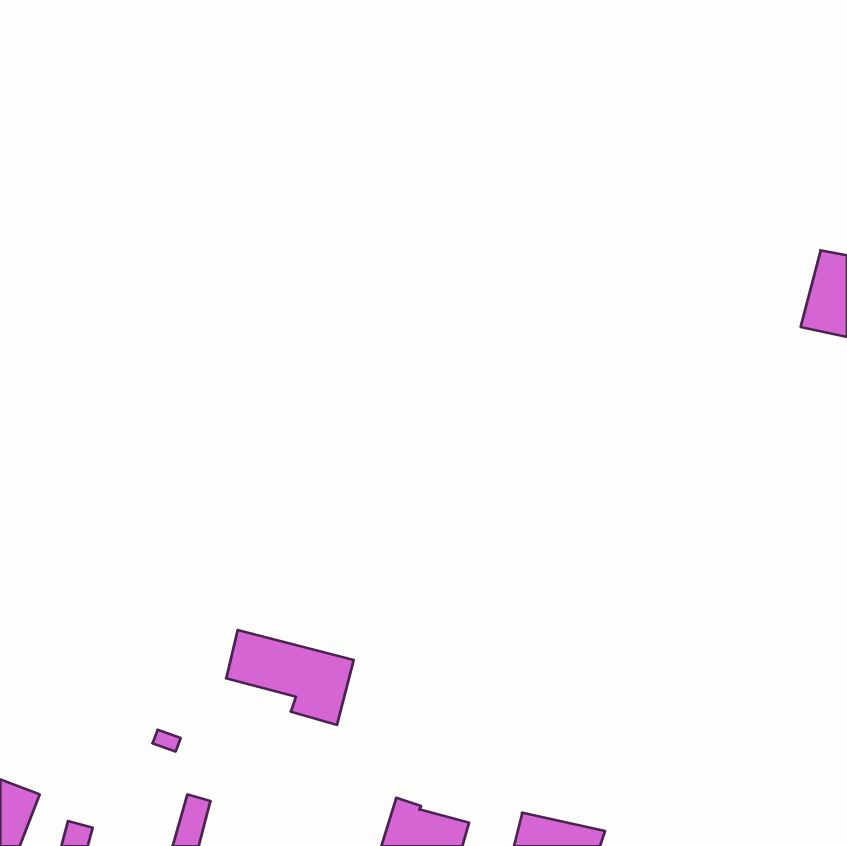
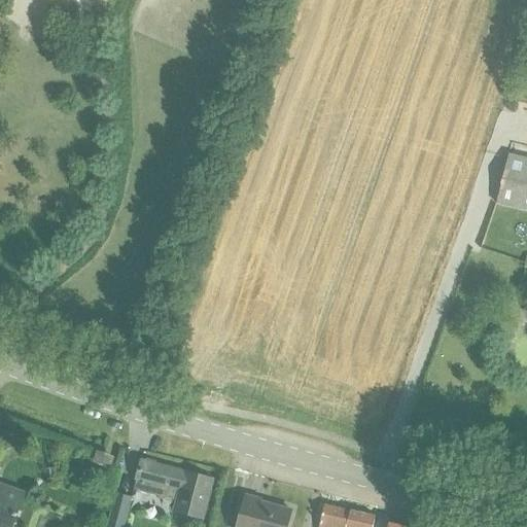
building: [226,630,354,725] -> [134,460,213,519]

